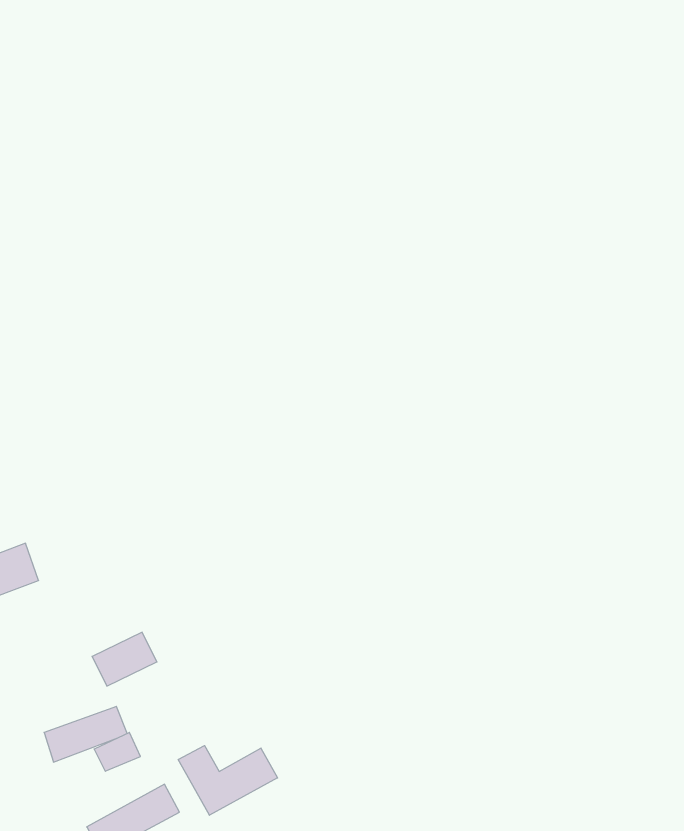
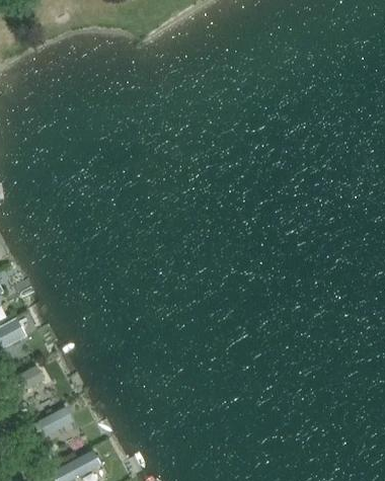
building: [92,632,157,686] -> [10,365,46,394]
building: [178,746,278,815] -> none

